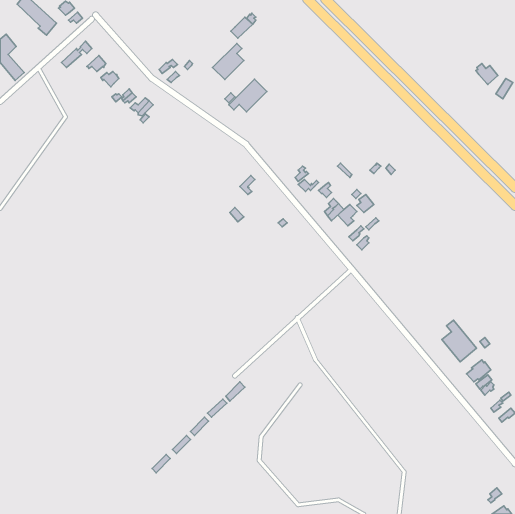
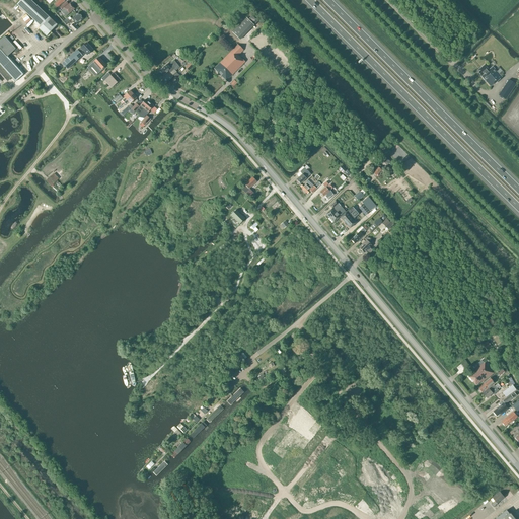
building: [229,79,267,112] -> none
building: [442,320,477,362] -> none

